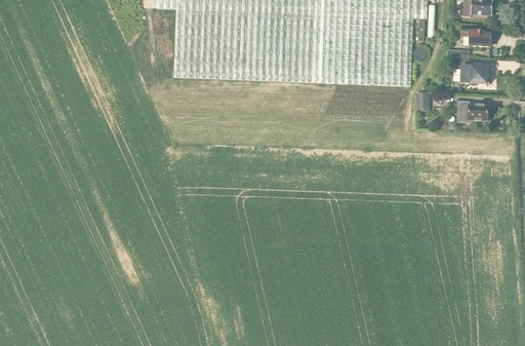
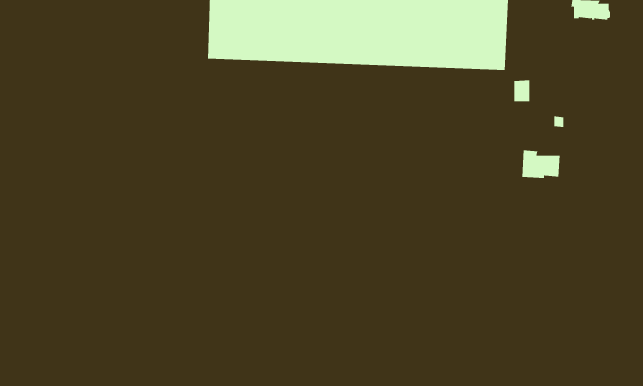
building: [458,57,490,84] -> none
building: [457,101,488,123] -> [521,150,560,178]

